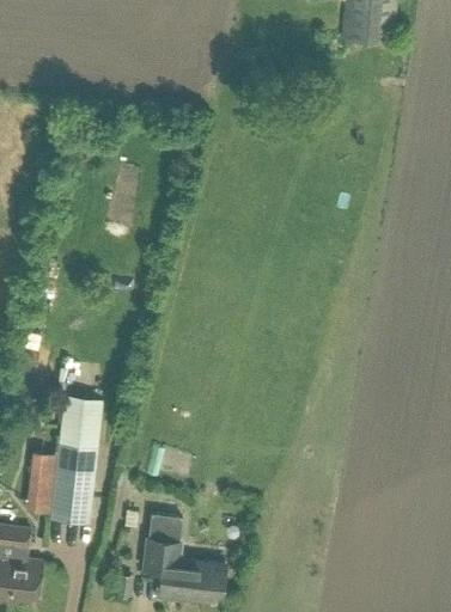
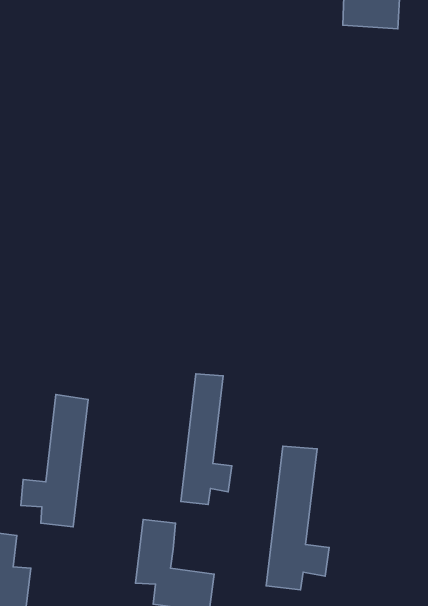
building: none -> [181,374,232,505]
building: none -> [266,446,329,590]

